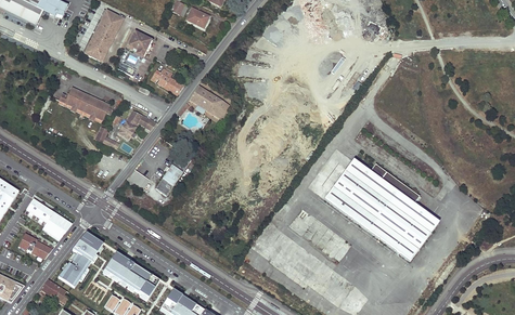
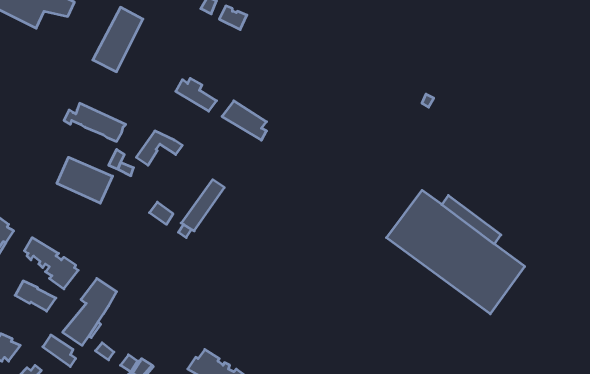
building: [116,30,153,76] -> none
building: none -> [57,157,113,203]
building: [104,251,157,298] -> none

